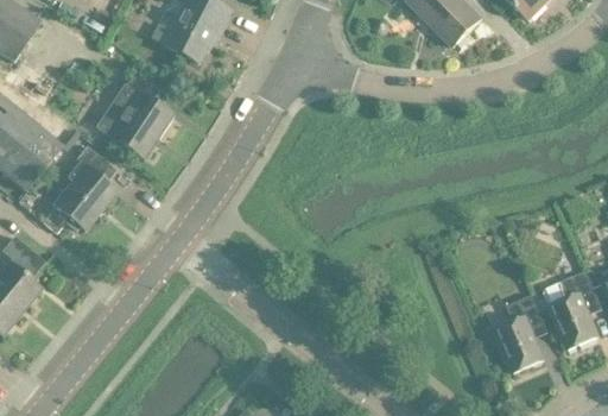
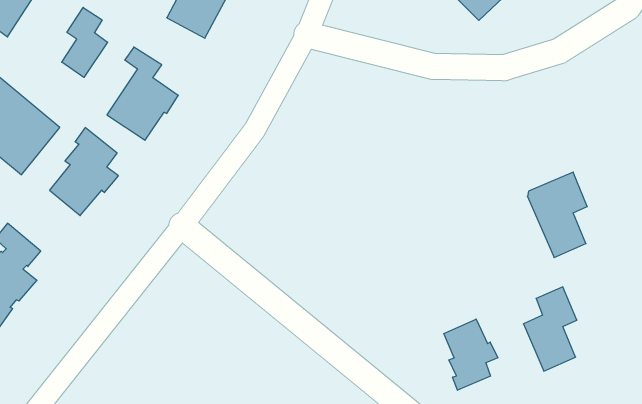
building: none -> [62,7,108,77]
building: [543,270,598,349] -> [527,172,587,258]
building: none -> [444,319,498,390]

